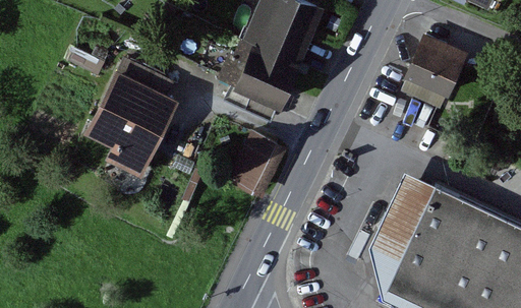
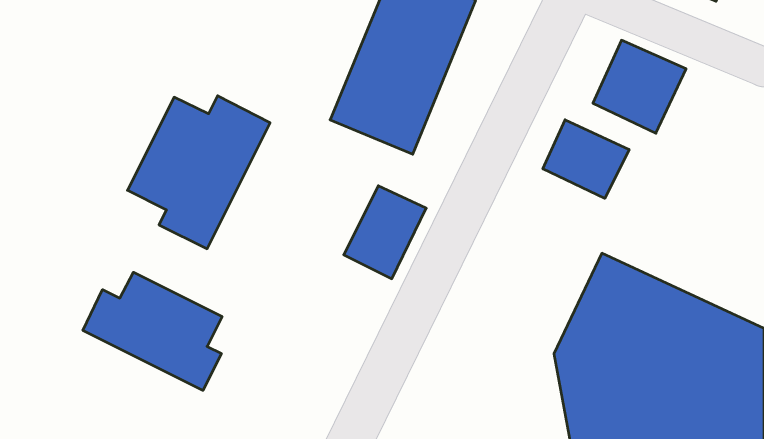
building: none -> [543,120,629,198]
building: none -> [83,272,222,390]

